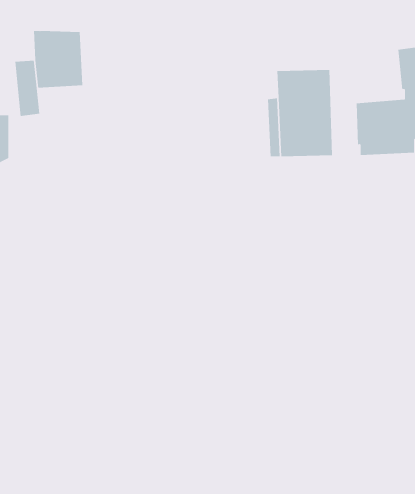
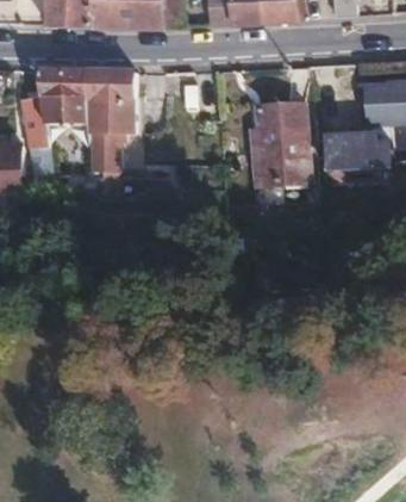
building: none -> [81,72,136,173]

